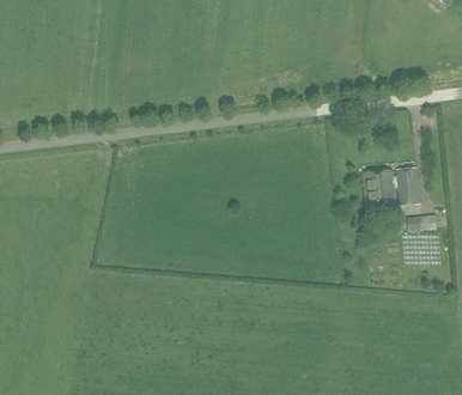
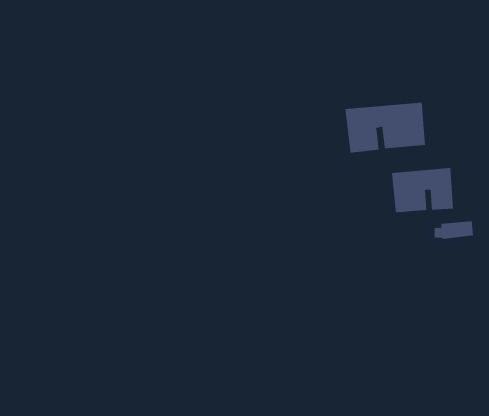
building: none -> [345,102,426,153]

